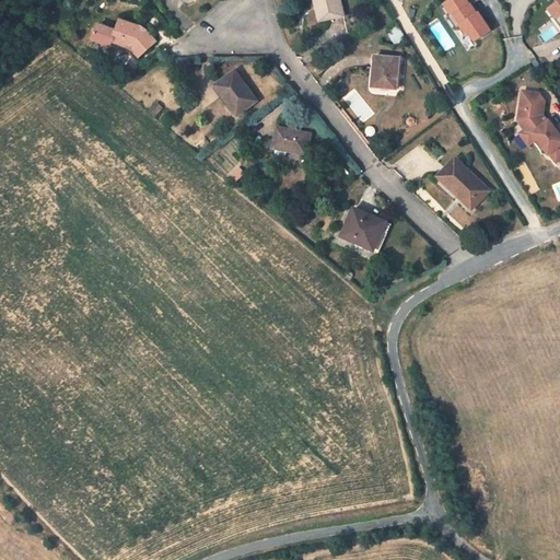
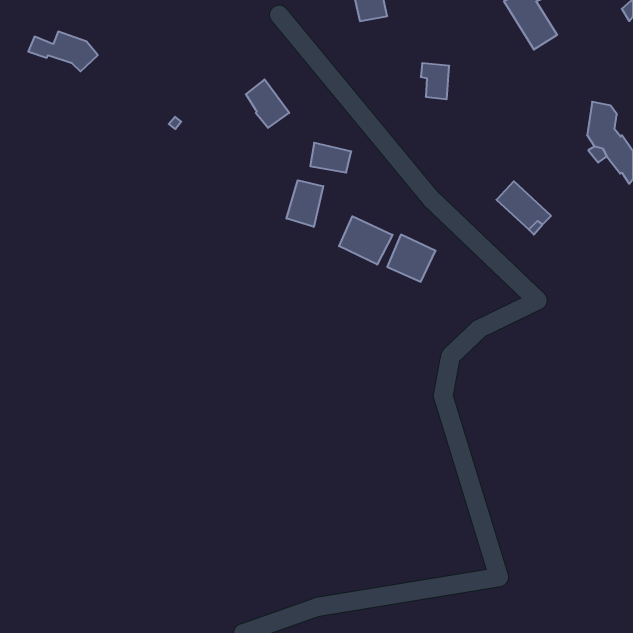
building: [92,20,153,55] -> [28,32,98,71]
building: none -> [286,180,323,227]
building: none -> [339,216,393,265]

